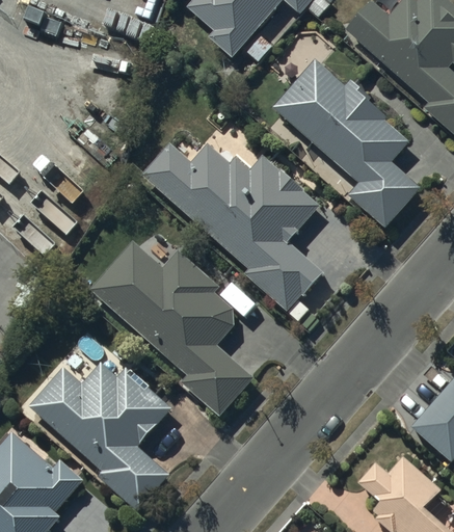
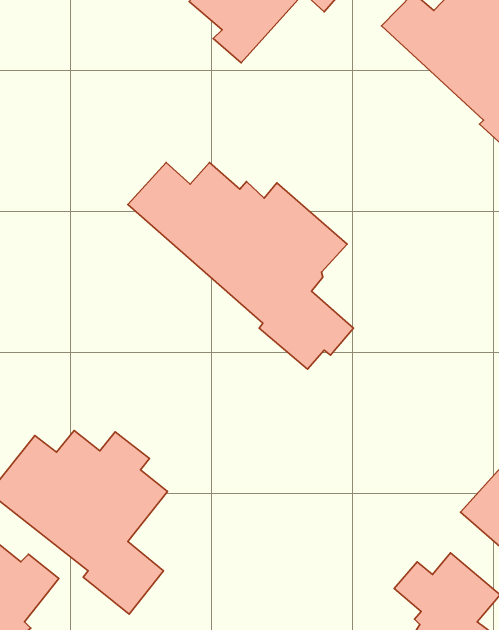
building: [271,60,423,232] -> none
building: [88,241,256,420] -> none

